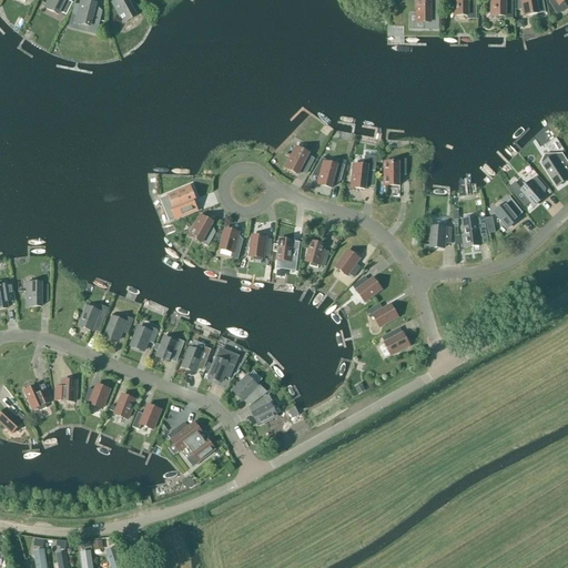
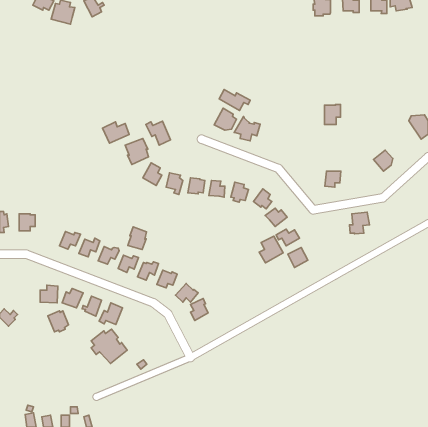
building: none -> [219,89,250,110]
building: [349,155,375,187] -> none
building: [384,156,405,183] -> [324,104,340,125]
building: none -> [146,121,170,145]
building: none -> [103,122,129,143]
building: [508,174,546,205] -> none
building: [459,216,486,245] -> [349,212,370,234]
building: none -> [128,227,147,250]
building: none -> [259,236,283,263]
building: [22,382,50,409] -> [48,311,69,332]
building: [166,419,214,465] -> [91,329,127,364]

